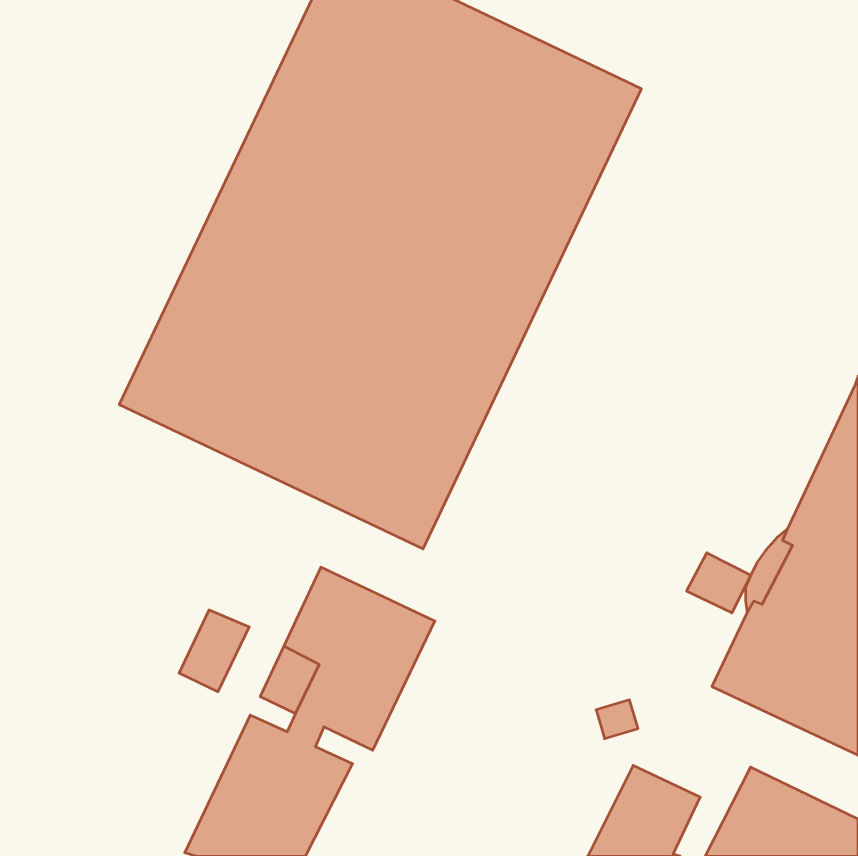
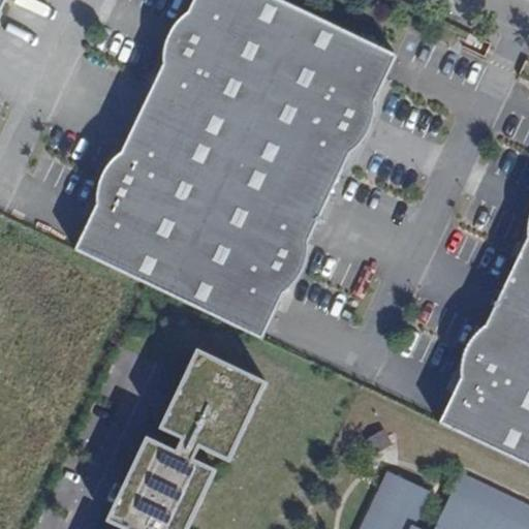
building: [687,553,751,613] -> none
building: [179,610,249,692] -> none

